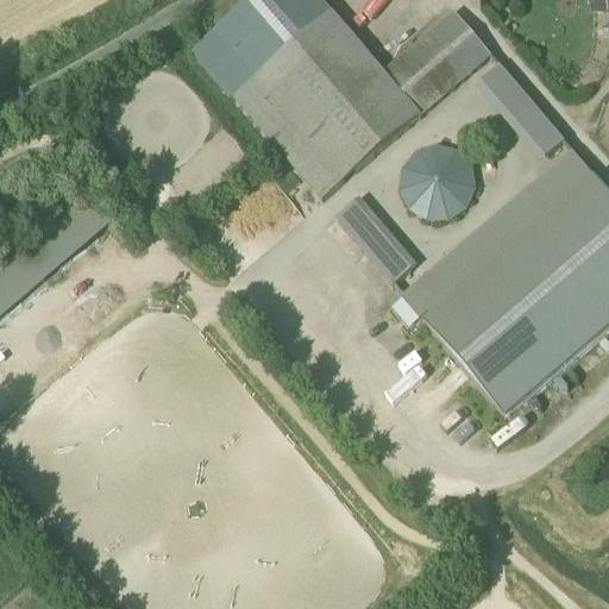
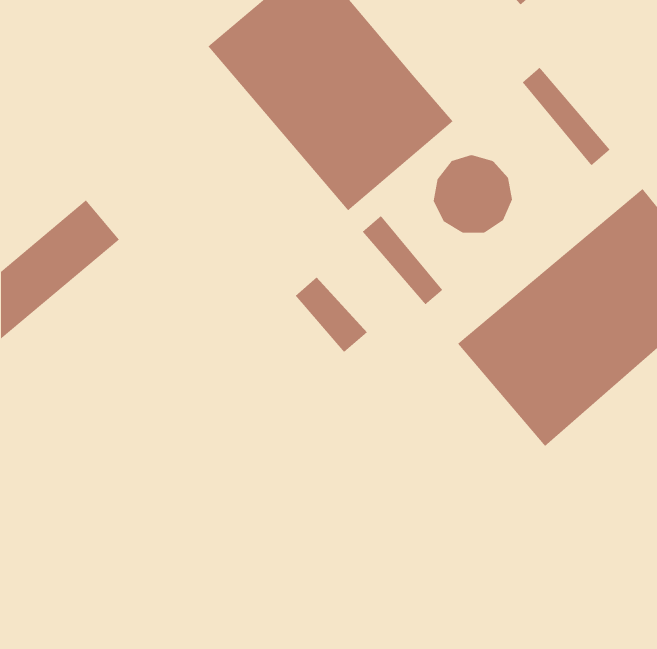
building: [383,8,491,112] -> none
building: [402,147,595,318] -> none
building: none -> [295,277,368,353]

